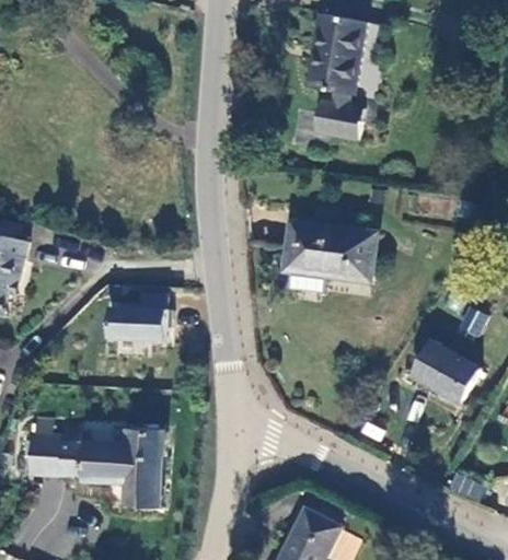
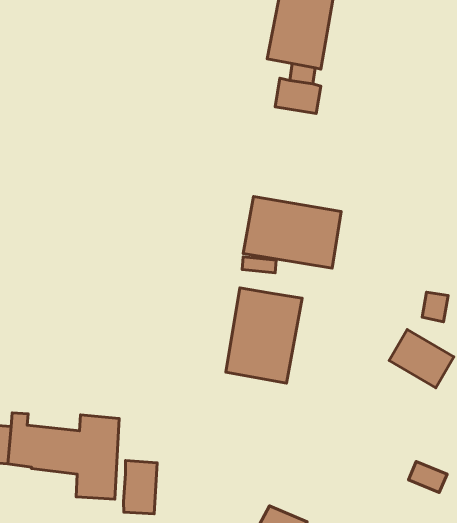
building: [93,302,160,341] -> none
building: none -> [226,288,302,383]
building: none -> [123,461,157,514]

